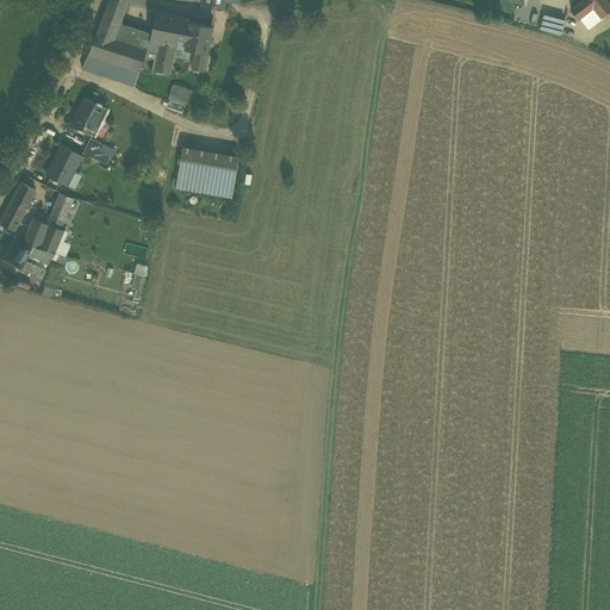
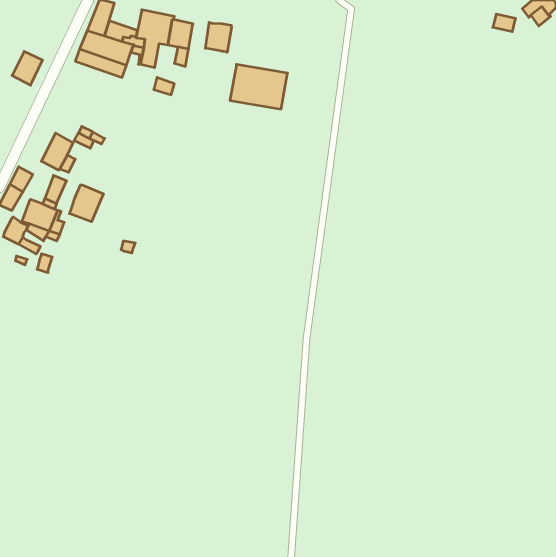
building: none -> [205,22,231,52]
building: [70,99,104,136] -> [12,51,43,85]
building: [175,148,238,197] -> [230,64,288,109]
building: none -> [69,185,103,222]

